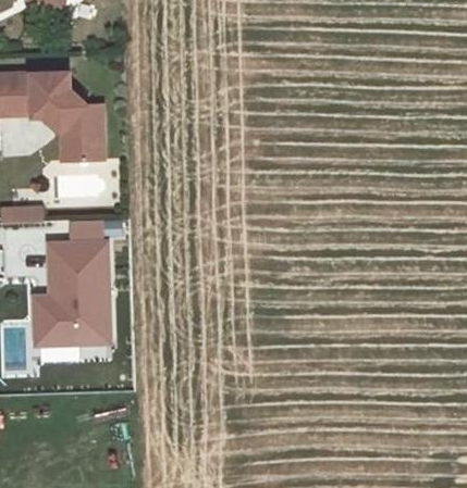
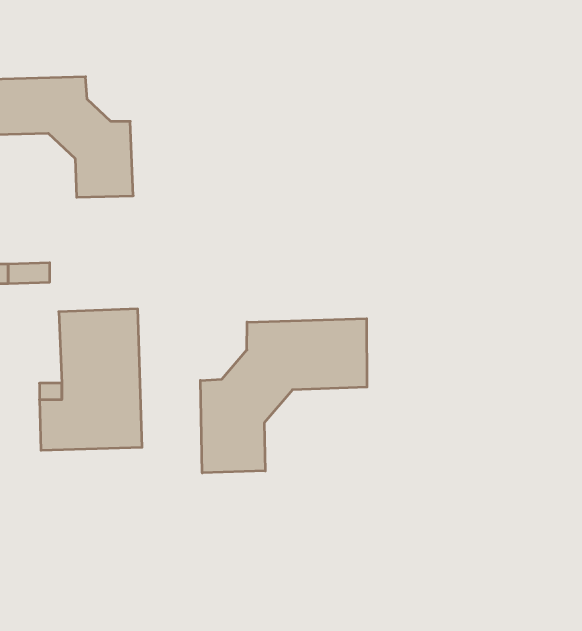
building: none -> [200,319,367,473]

